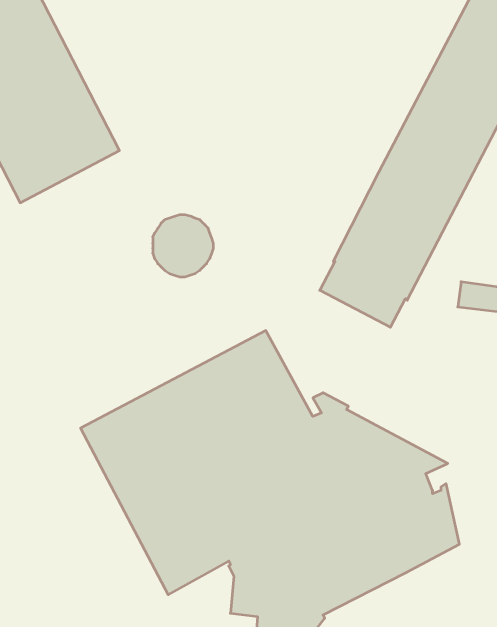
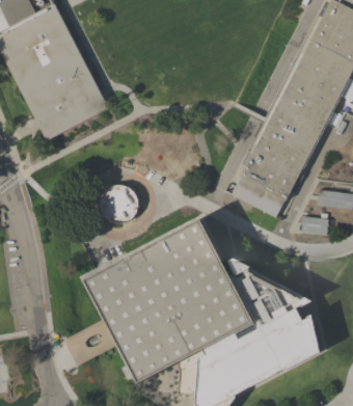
building: [153,215,213,277] -> [100,185,137,223]
building: none -> [300,216,328,234]

